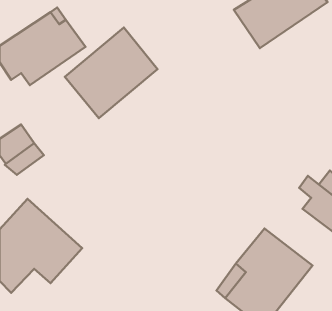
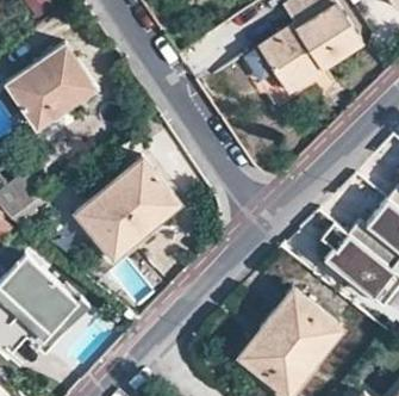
building: [65,28,158,118] -> [75,159,176,258]

